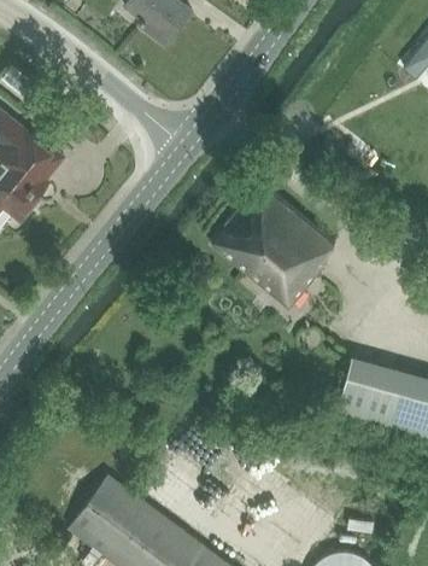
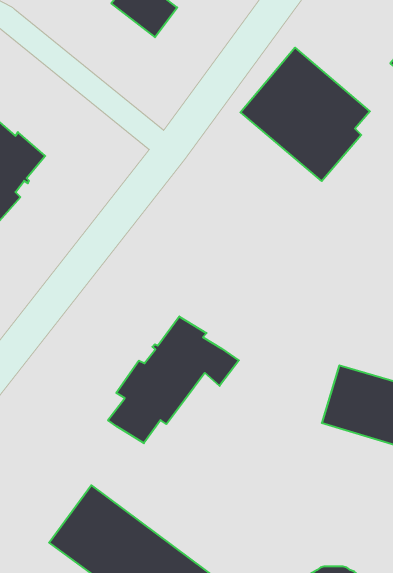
building: [209,181,334,310] -> [240,48,370,181]
building: none -> [108,316,239,443]

